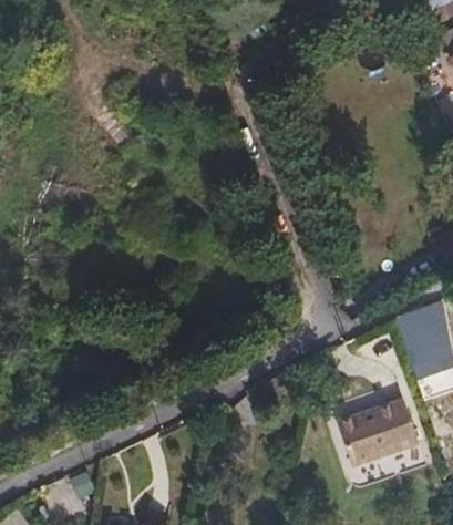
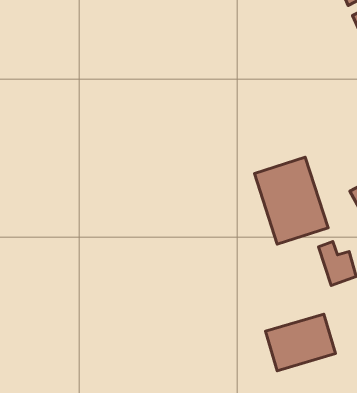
building: none -> [254,157,328,244]

